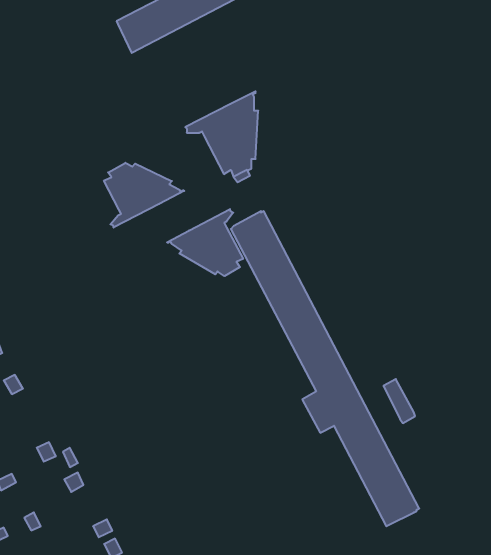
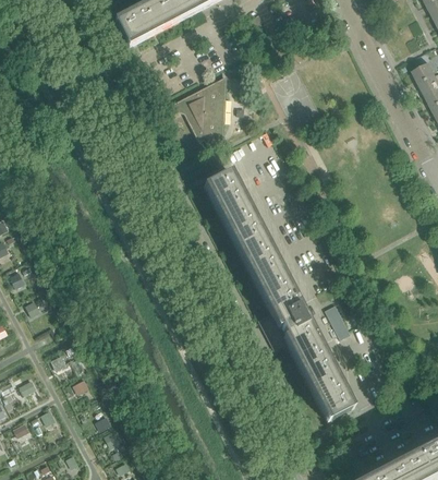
building: [104,163,184,228] -> none
building: [167,209,243,276] -> none

